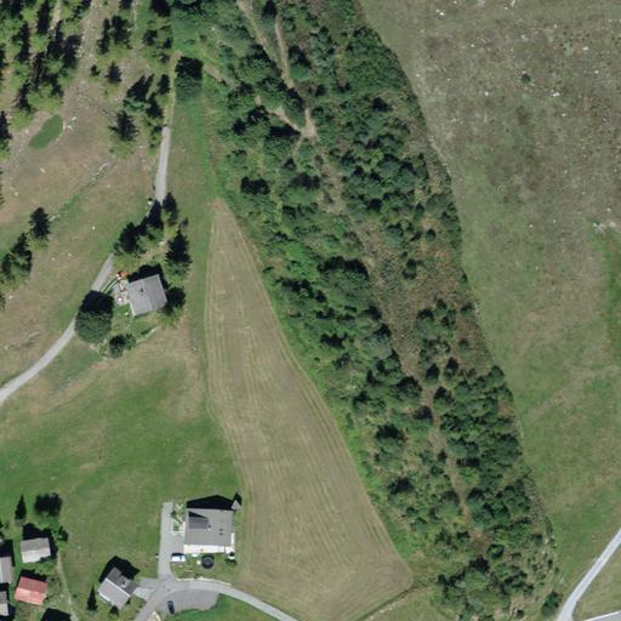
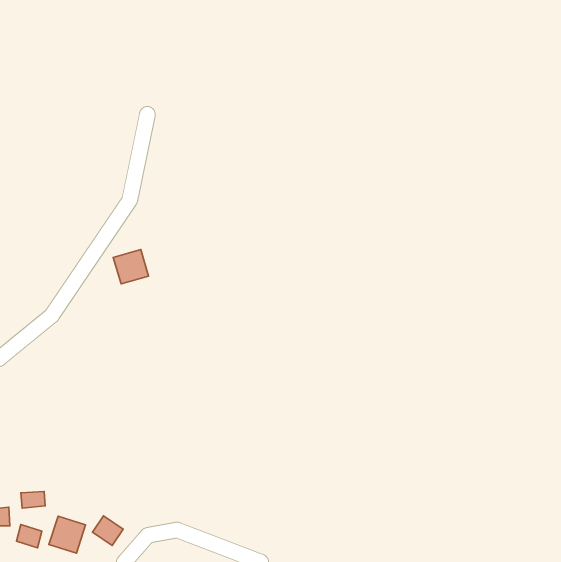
building: [187,508,230,546] -> none
building: none -> [49,516,86,553]

